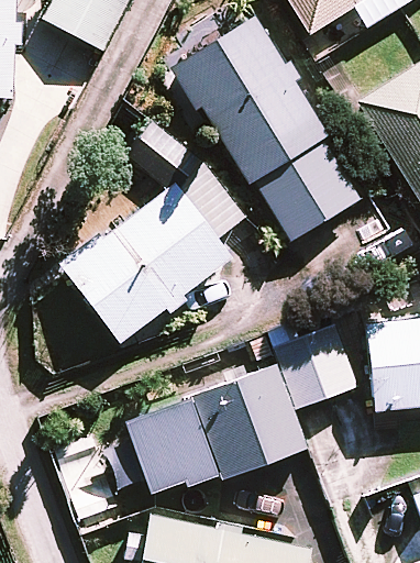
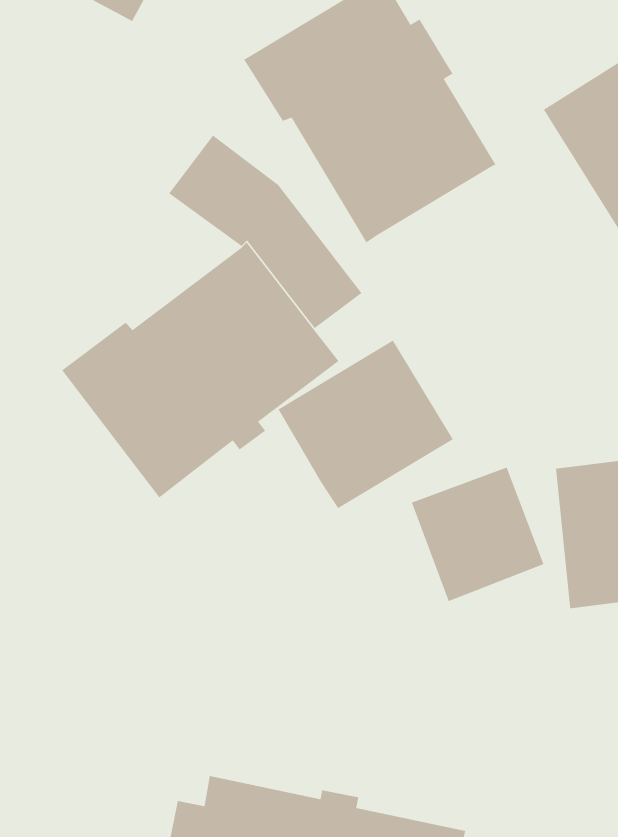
building: [255,139,364,243] -> [277,339,454,509]
building: [124,365,309,493] -> none

